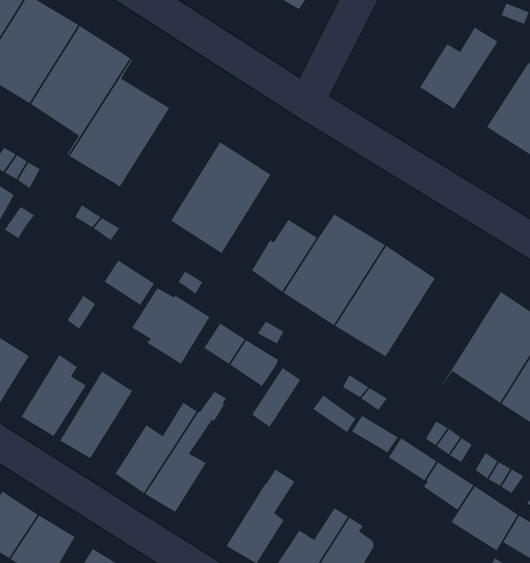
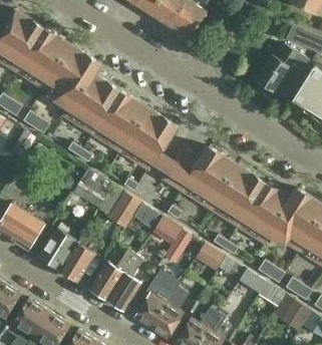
building: none -> [93,90,147,151]
building: none -> [238,183,300,244]
building: none -> [134,269,181,328]

